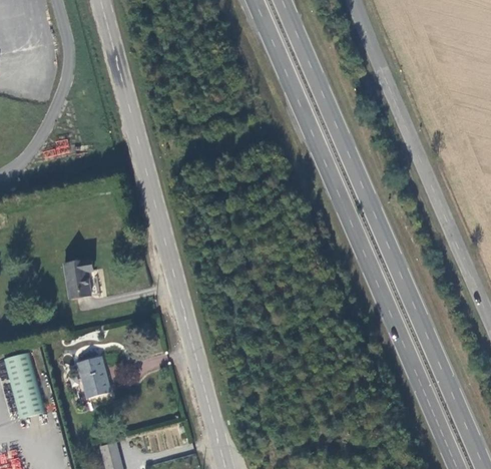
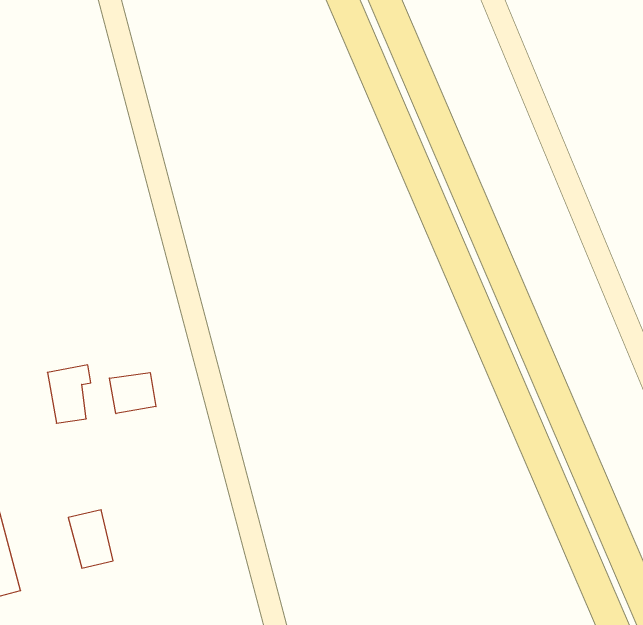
building: none -> [109,373,156,414]

